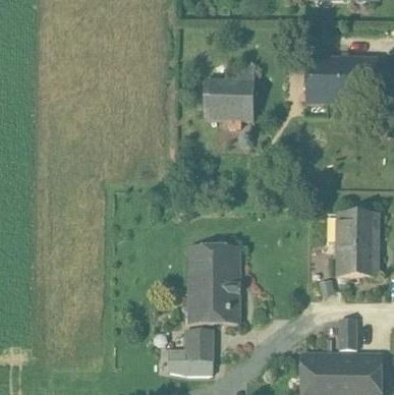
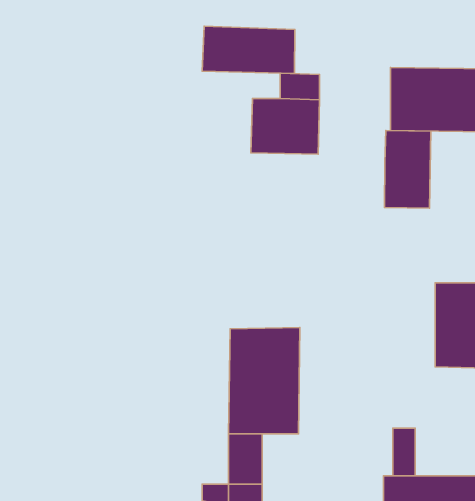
building: none -> [202,26,295,74]
building: none -> [384,130,431,208]
building: [339,320,355,354] -> [393,428,415,476]

